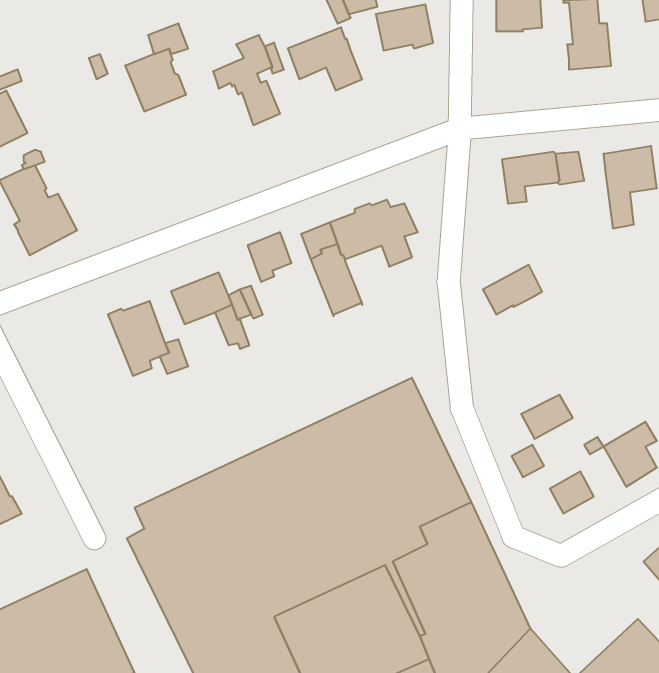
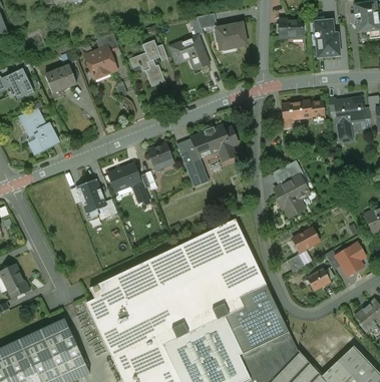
building: none -> [44,66,76,93]
building: none -> [274,177,308,218]

